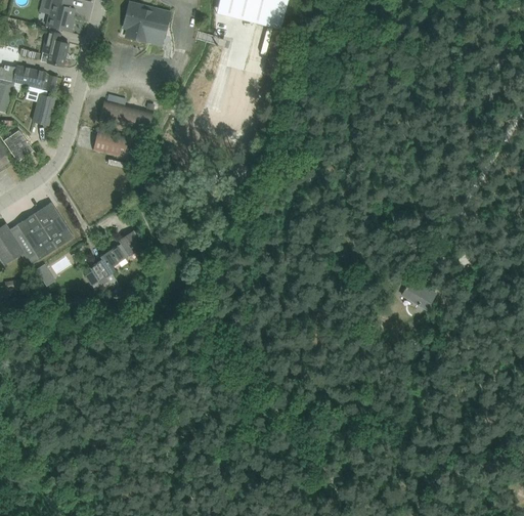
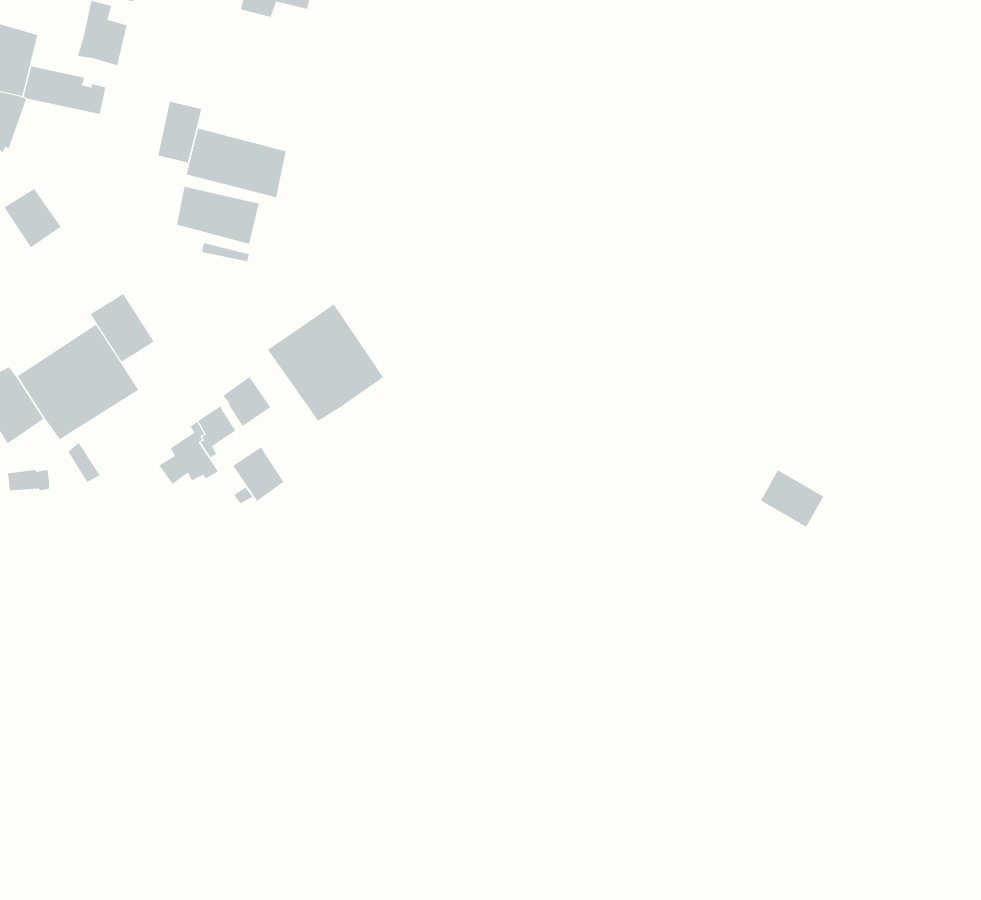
building: [32,93,55,126] -> [158,101,202,163]
building: none -> [90,293,155,363]
building: none -> [267,304,384,422]
building: none -> [232,447,284,502]

